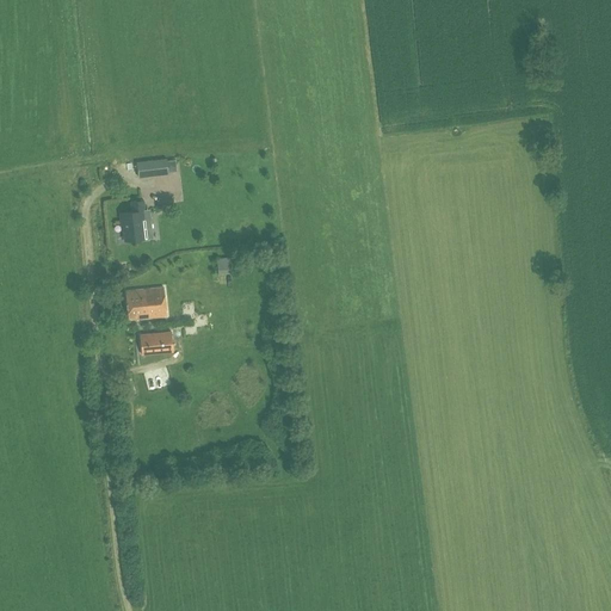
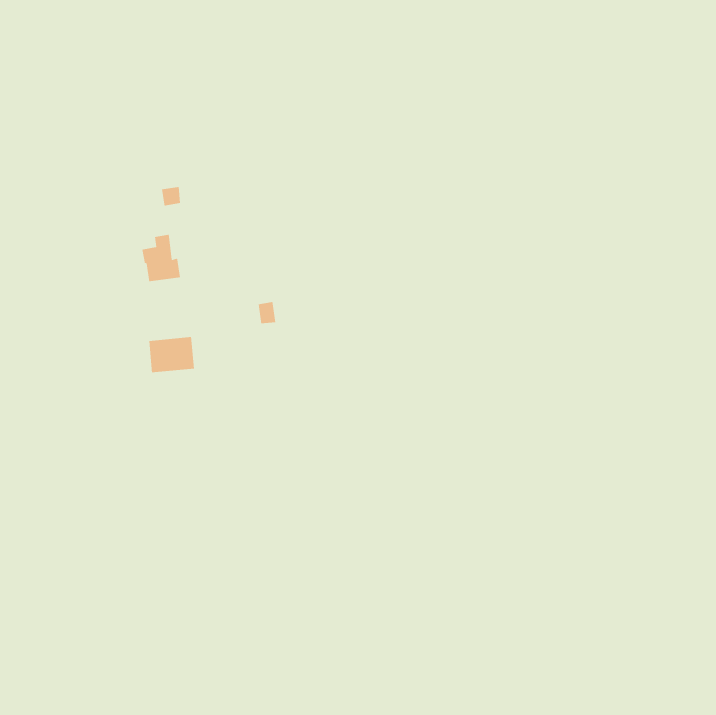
building: [140,331,173,354] -> none

